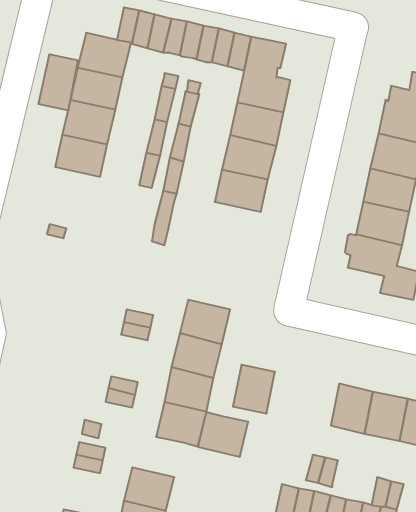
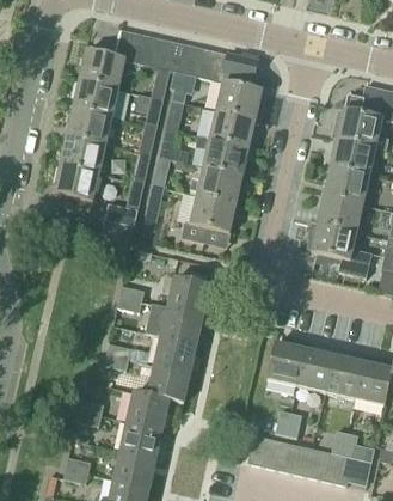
building: [38,54,78,111] -> none
building: none -> [54,164,99,201]
building: none -> [105,179,143,226]
building: none -> [183,194,237,240]
building: [233,365,275,414] -> [268,343,303,385]
building: [198,412,248,457] -> [127,391,170,429]

